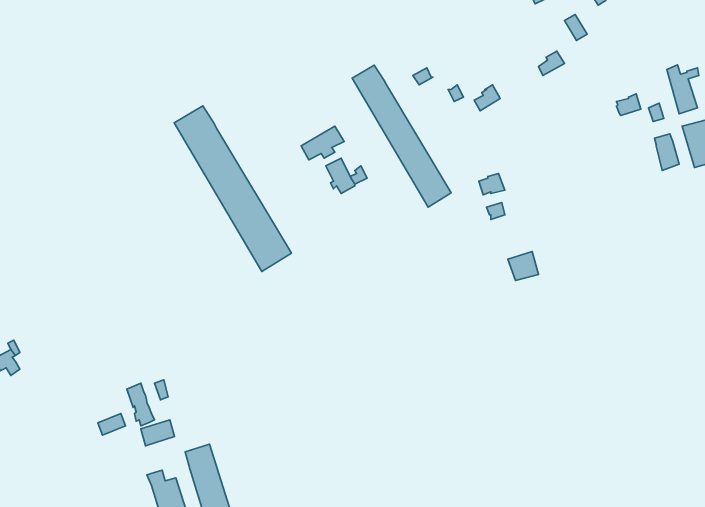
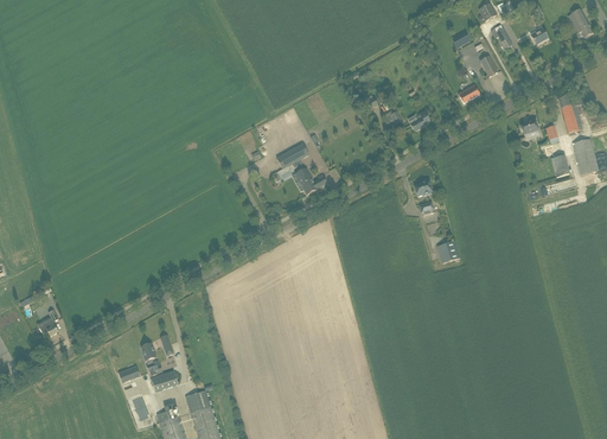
building: [352,65,451,207] -> none
building: [174,106,291,271] -> none

